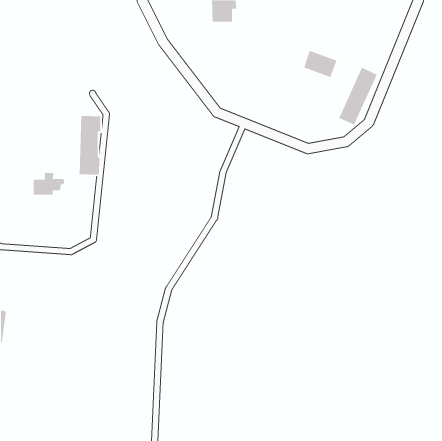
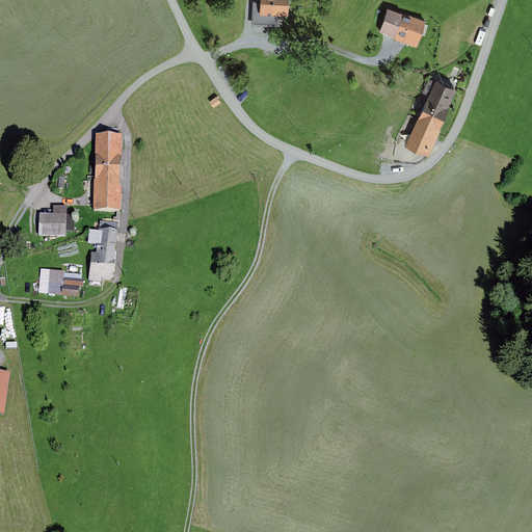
building: [303,50,338,78] -> [381,9,423,44]
building: none -> [88,223,116,281]
building: none -> [39,270,79,295]

